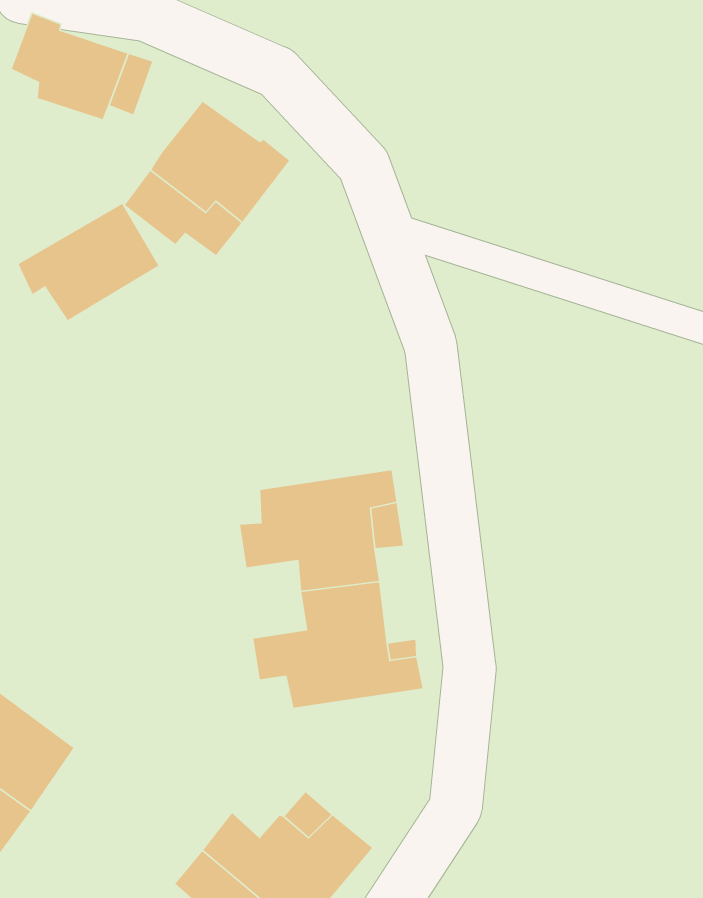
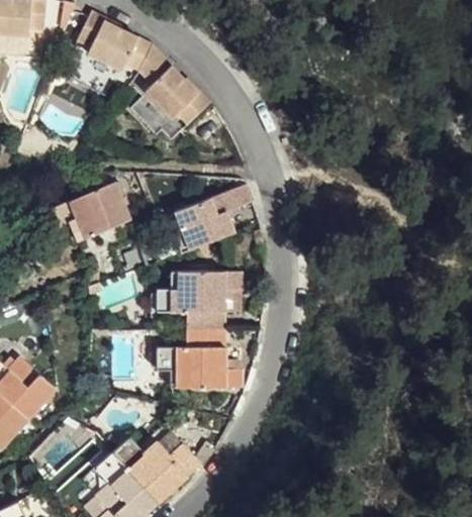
building: none -> [136,43,173,91]
building: [18,203,160,321] -> [57,183,129,239]
building: none -> [174,183,254,251]

